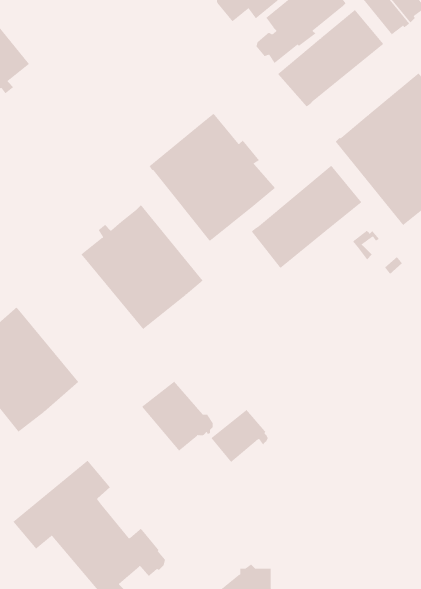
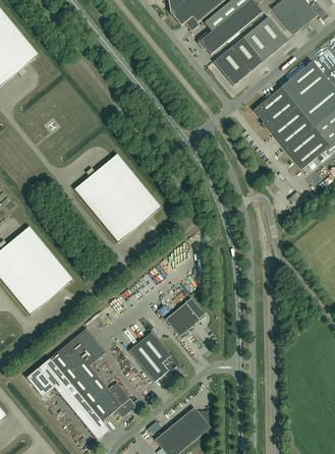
building: [149,113,276,242] -> none
building: [251,165,362,269] -> none
building: [141,381,214,452] -> [128,331,179,381]

